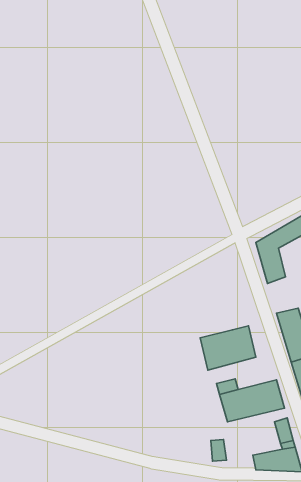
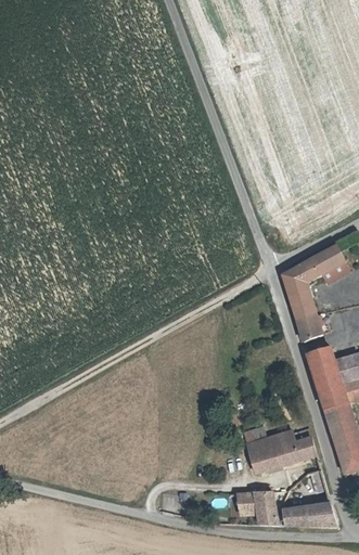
building: none -> [297,312,322,340]
building: [200,326,256,370] -> none
building: none -> [248,491,275,525]

